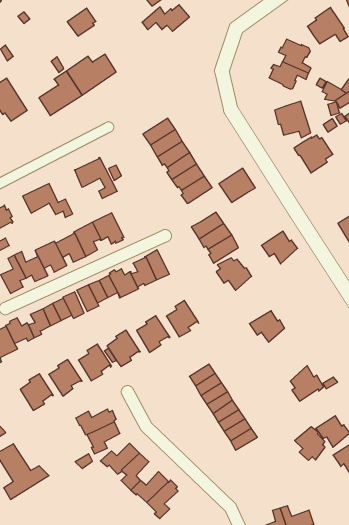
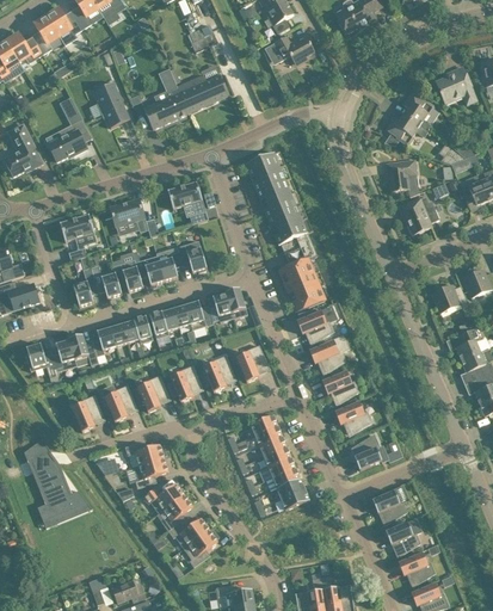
building: [219,168,255,202] -> [279,233,316,266]
building: [261,231,298,264] -> [308,340,345,374]
building: none -> [334,402,370,434]
building: [295,427,325,460] -> none

